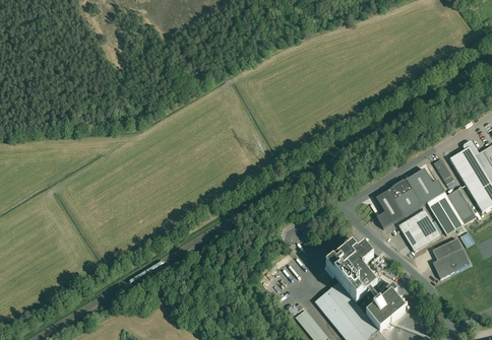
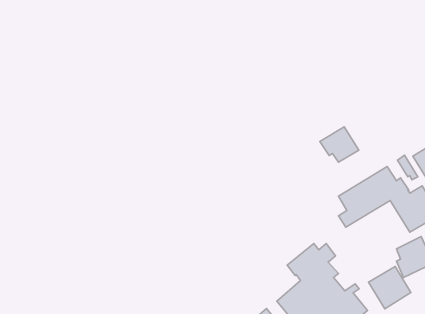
building: none -> [320,127,359,162]
building: [398,209,440,251] -> [368,267,411,309]

